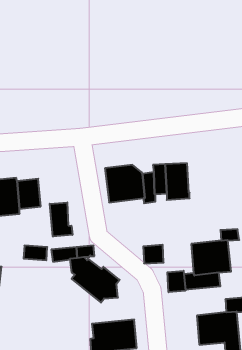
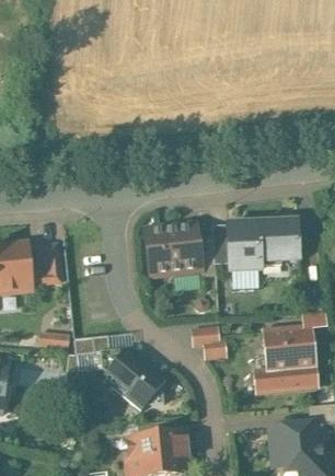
building: none -> [256,220,299,262]
building: [50,202,72,237] -> none
building: [167,271,185,292] -> none

